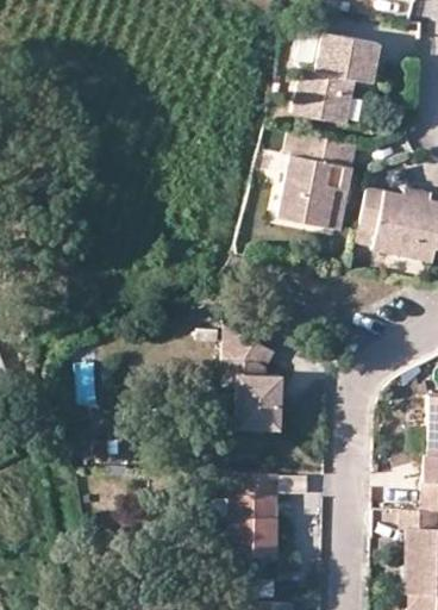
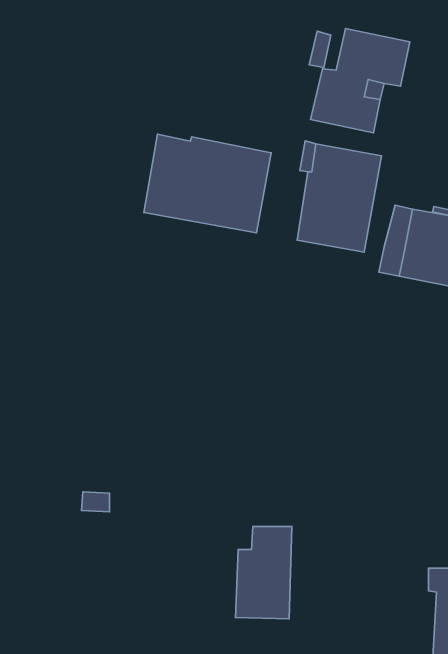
building: none -> [144,134,271,233]
building: [223,328,280,430] -> none

